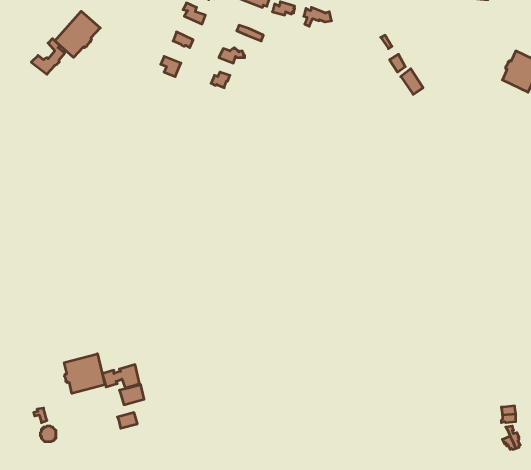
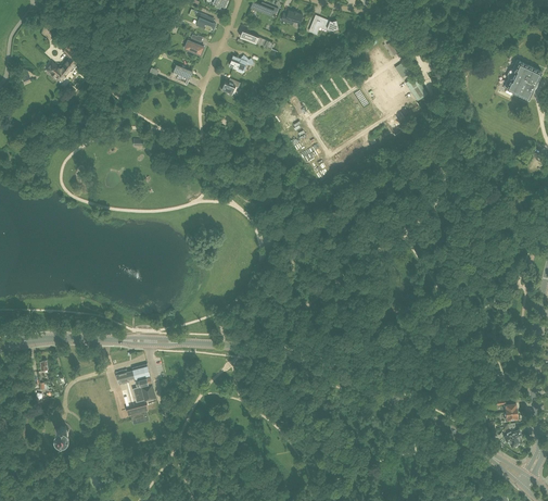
building: [55,11,100,57] -> none
building: [64,354,105,393] -> none

